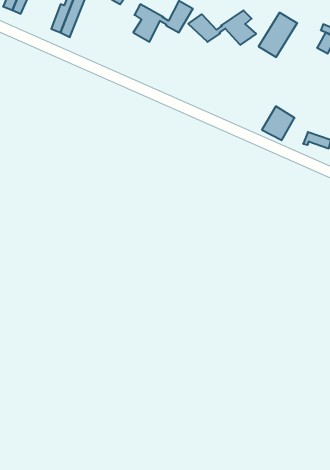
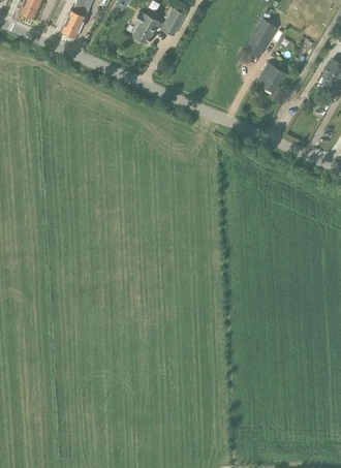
building: [188,10,256,45] -> none
building: [262,106,295,140] -> [257,62,286,92]

